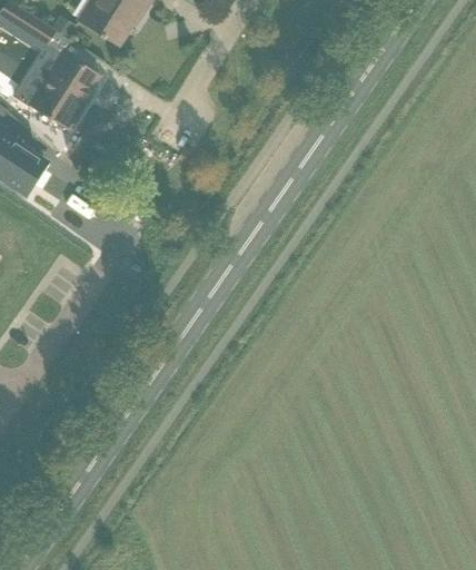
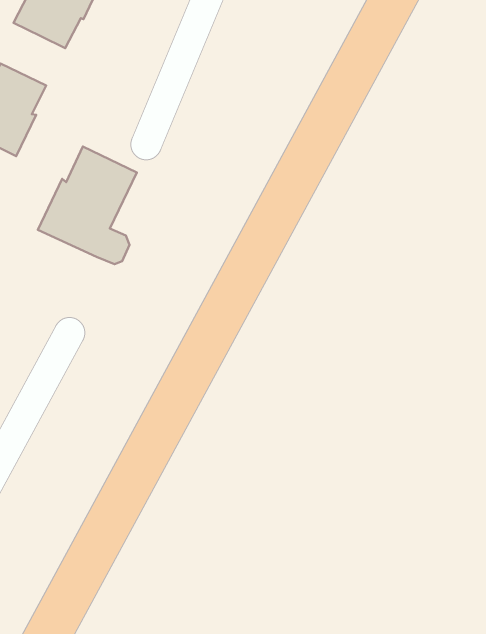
building: none -> [38,146,137,264]

